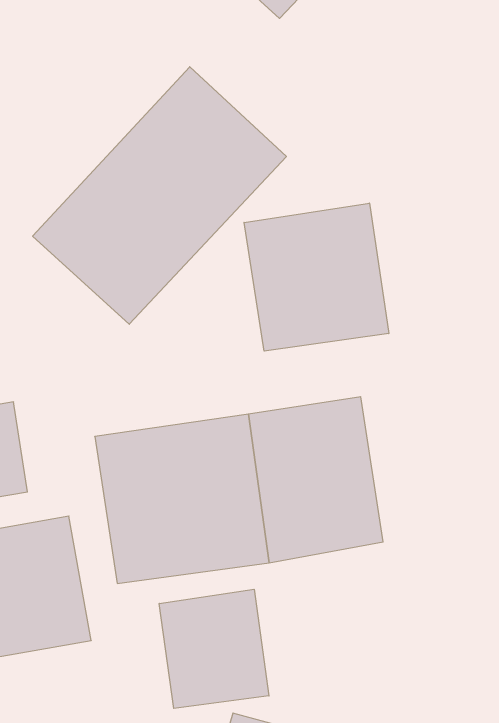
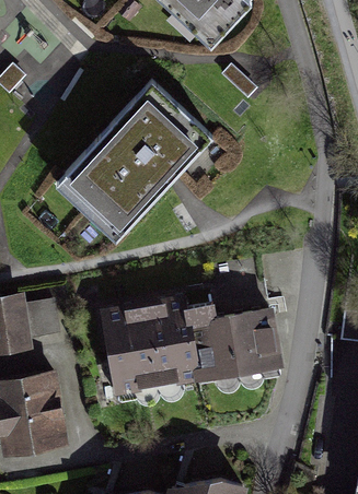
building: [244,203,389,351] -> none
building: [159,589,269,708] -> none

